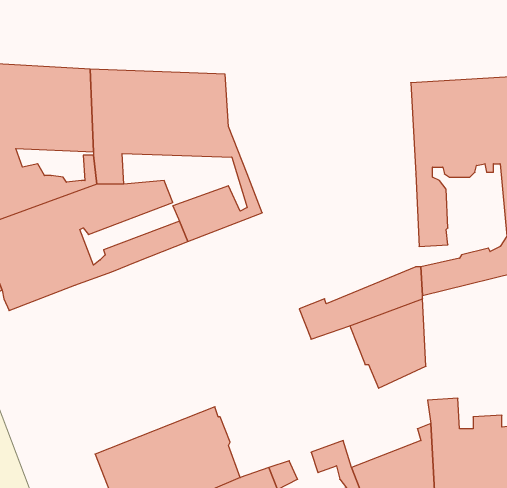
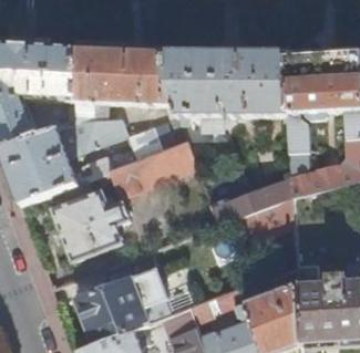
building: none -> [162,50,287,131]
building: none -> [104,141,196,195]
building: none -> [52,179,130,261]

